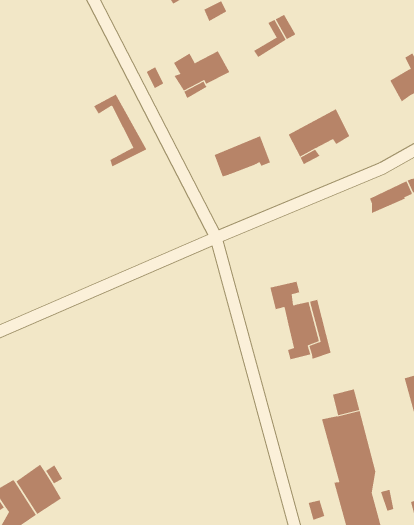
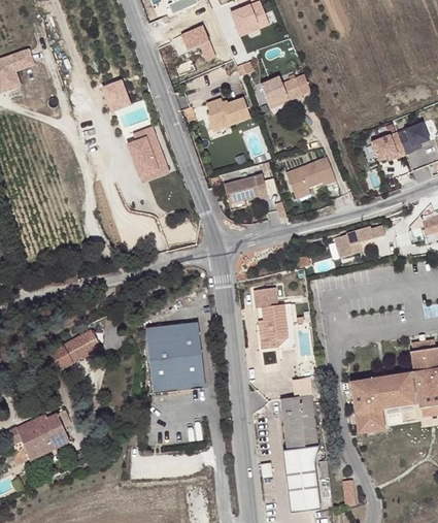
building: none -> [258,76,285,104]
building: none -> [102,77,133,111]
building: none -> [127,133,160,175]
building: none -> [149,322,212,397]
building: none -> [55,334,104,373]

